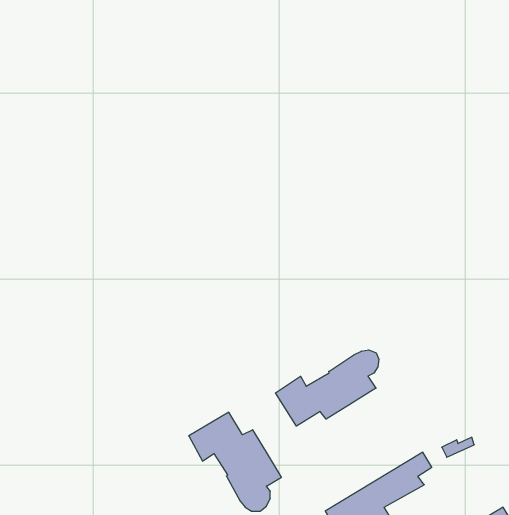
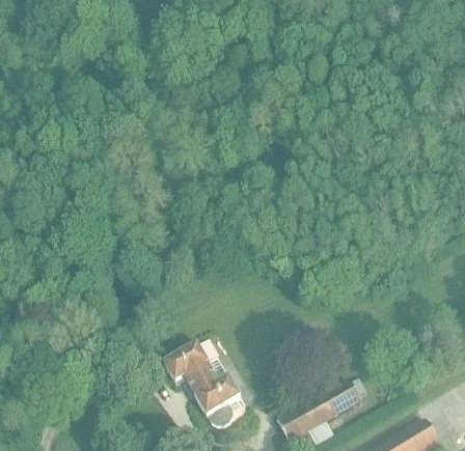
building: [275,350,379,426] -> none

